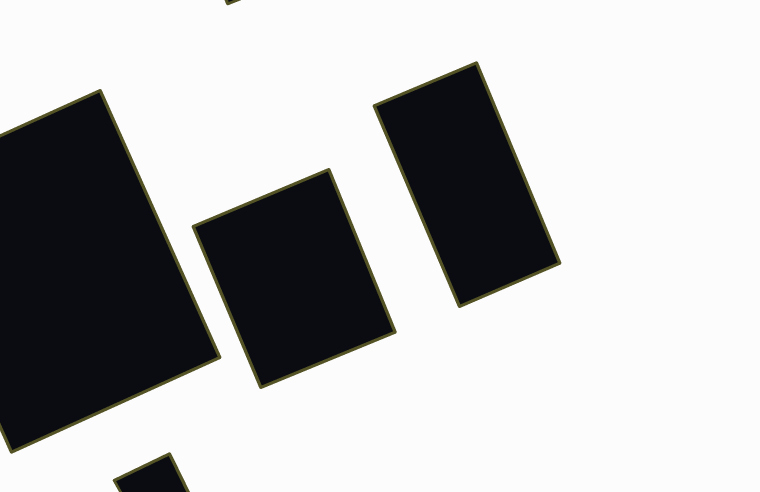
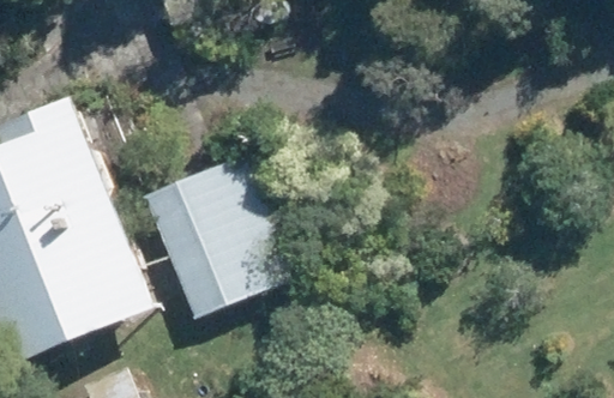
building: [374,63,560,306] -> none

